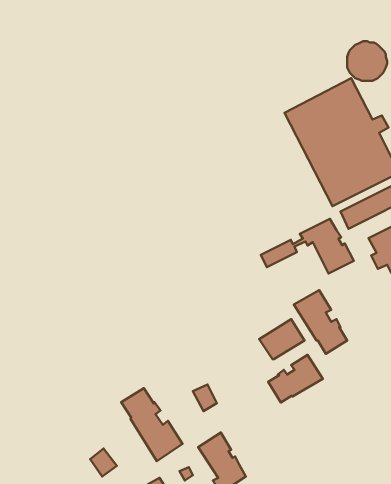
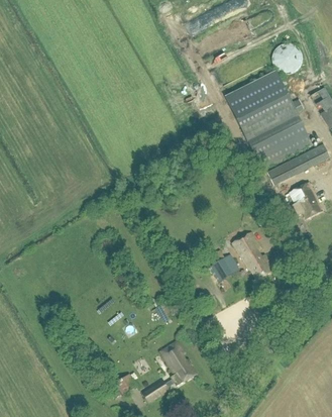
building: [261,219,354,274] -> none
building: [268,355,323,403] -> none
building: [121,388,182,461] -> none

